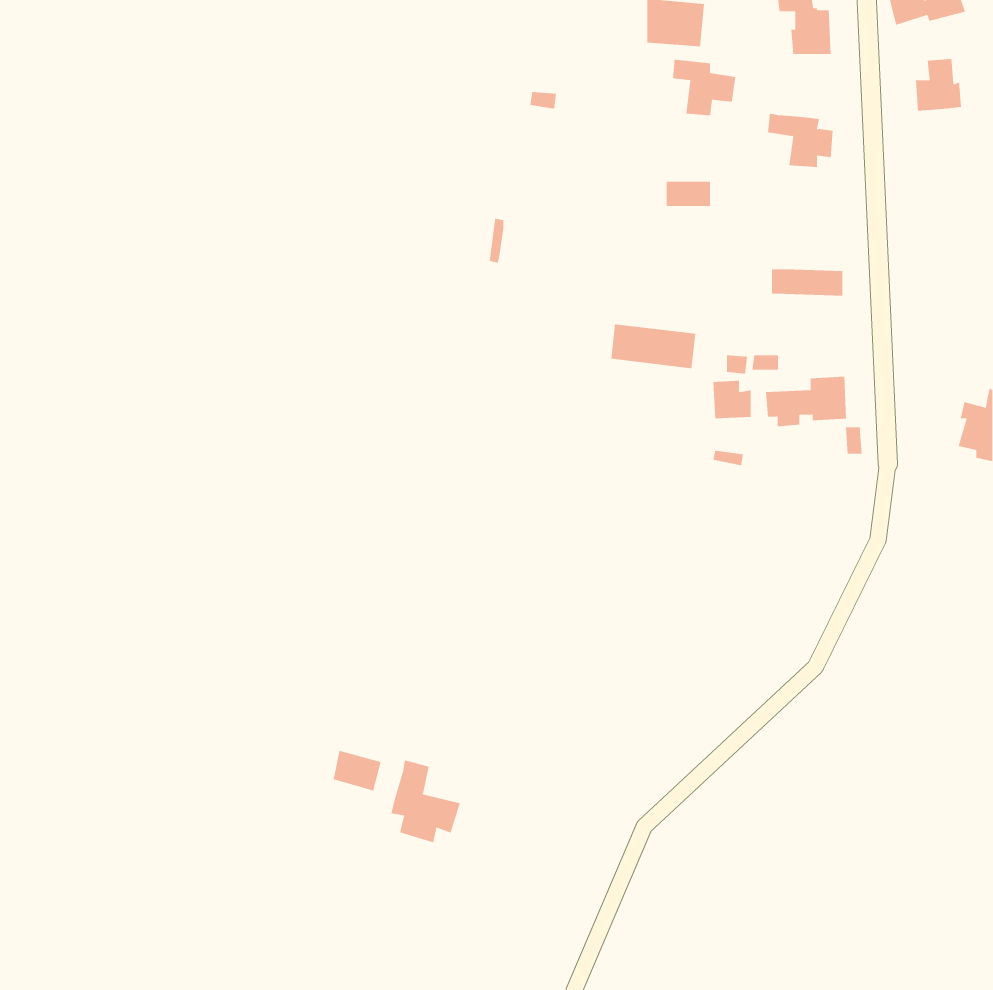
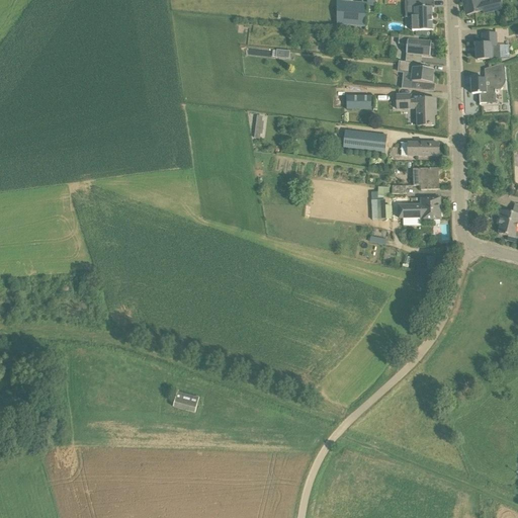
building: [672,59,736,116] -> [398,31,431,61]
building: none -> [470,61,505,101]
building: none -> [396,92,435,124]
building: none -> [413,166,439,188]
building: [610,324,696,369] -> [342,127,386,151]
building: [391,760,461,843] -> none

